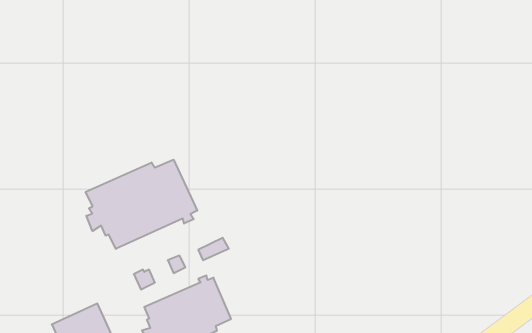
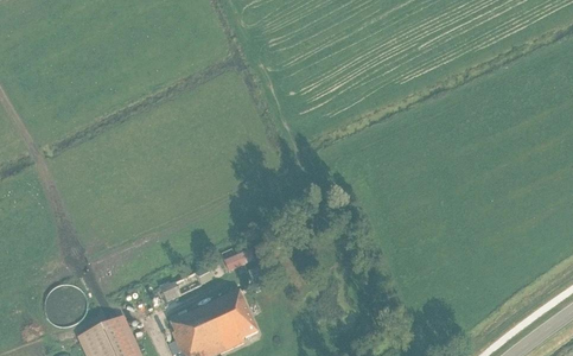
building: [86,160,197,249] -> none

